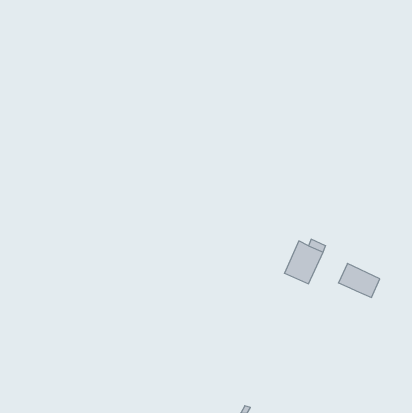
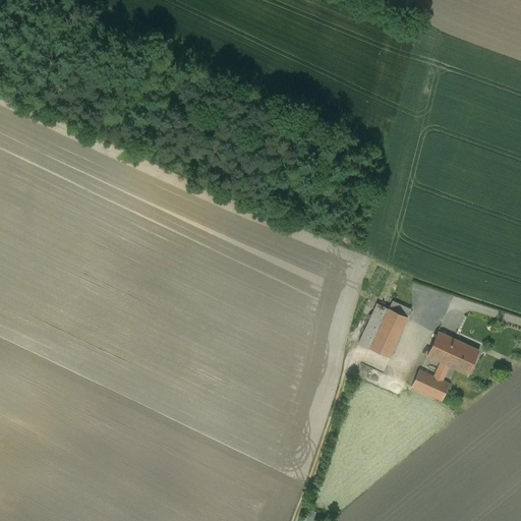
building: none -> [413,362,450,401]

